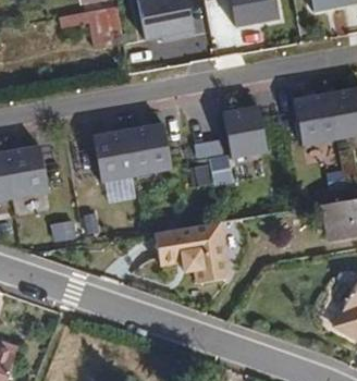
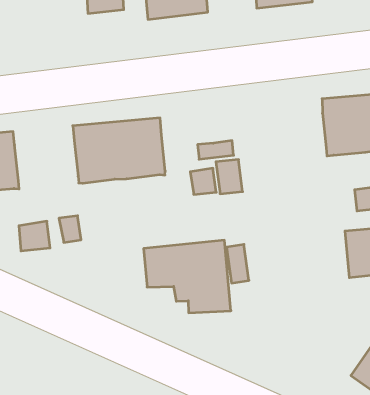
building: [225,109,269,161] -> none

